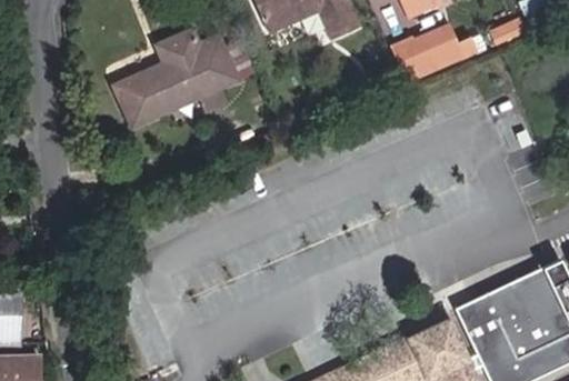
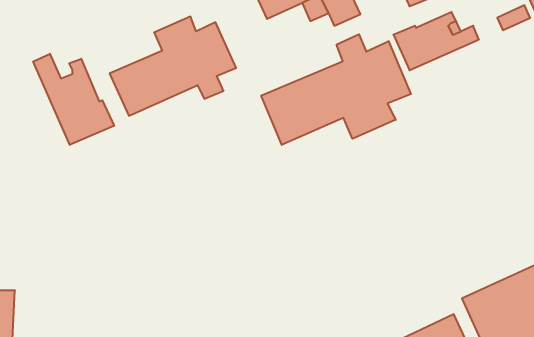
building: none -> [261,34,411,145]
building: none -> [33,54,114,145]

